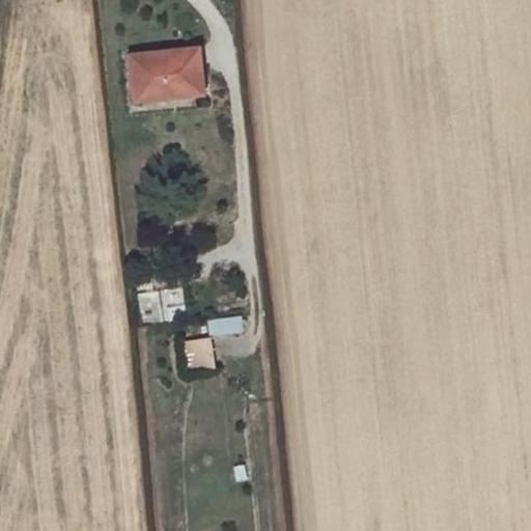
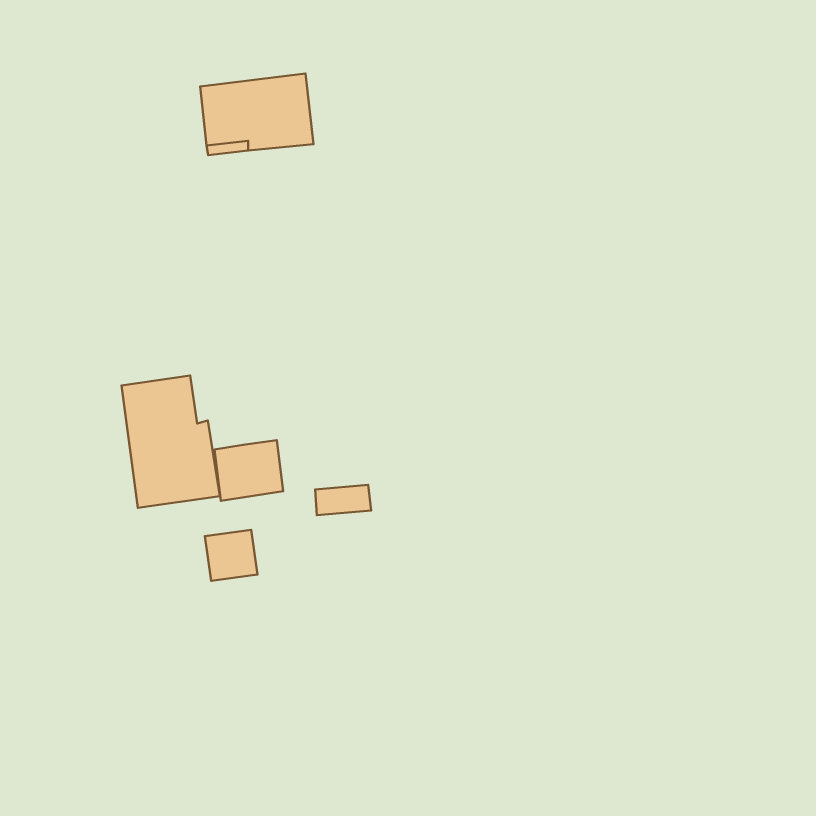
building: none -> [121,375,220,508]
building: [180,339,215,372] -> [205,530,258,581]

